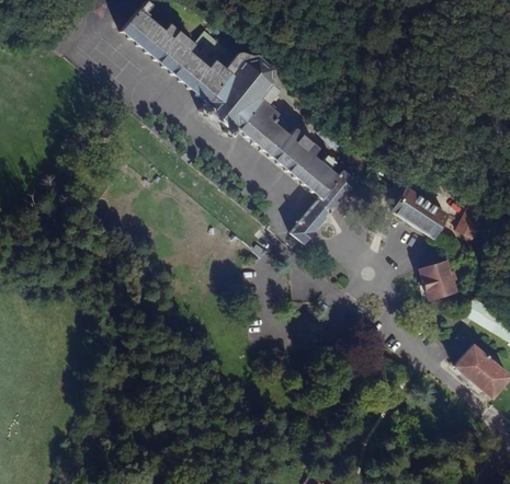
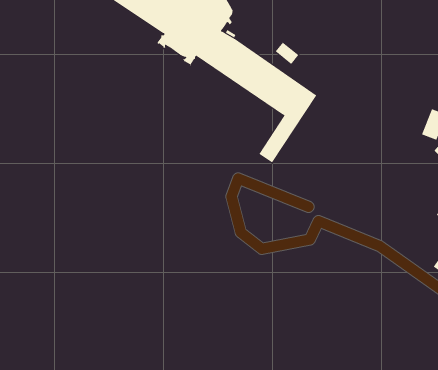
building: [393,187,446,237] -> none
building: [420,260,456,299] -> none

